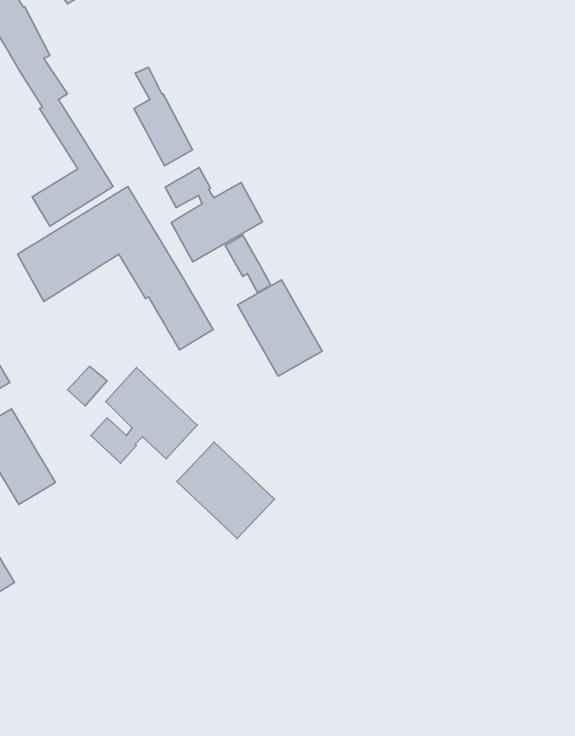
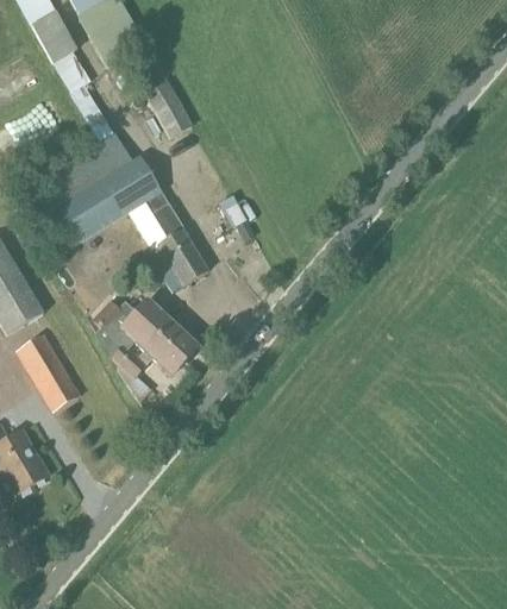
building: [165,168,263,262] -> none
building: [238,280,322,376] -> none
building: [177,442,274,539] -> none

